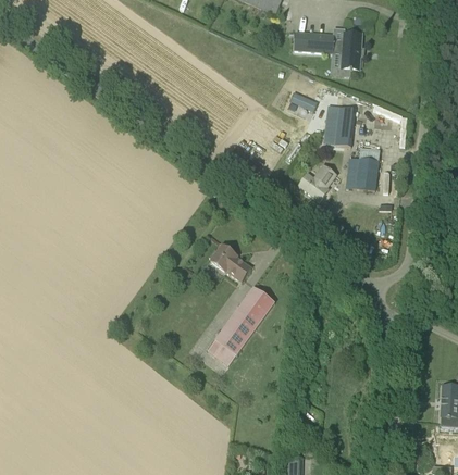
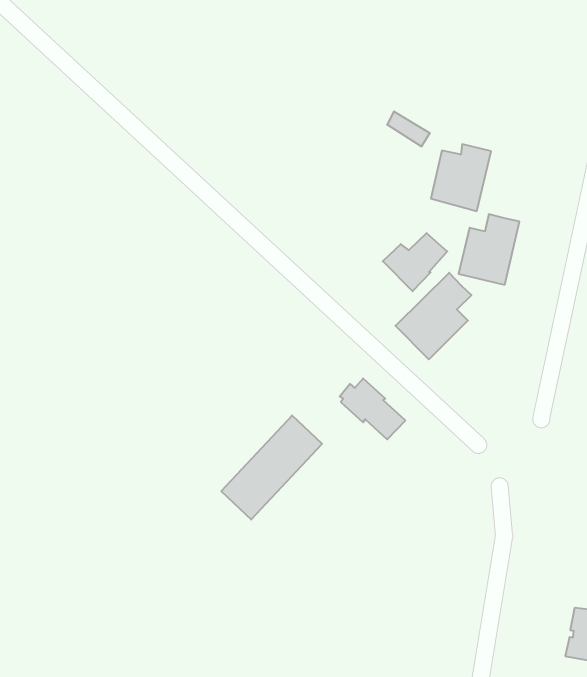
building: [294,30,362,68] -> none
building: none -> [395,273,471,359]
building: [209,243,251,279] -> [340,378,405,439]

